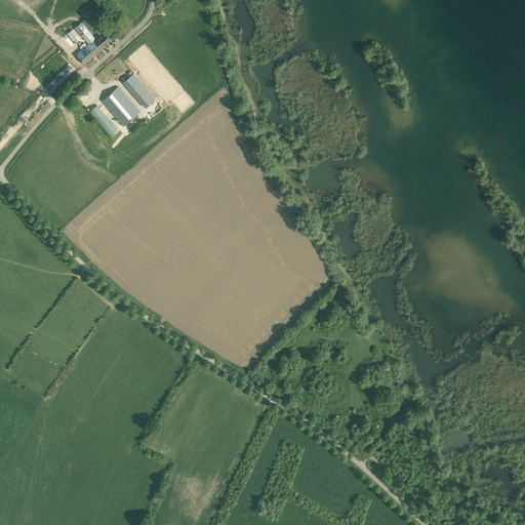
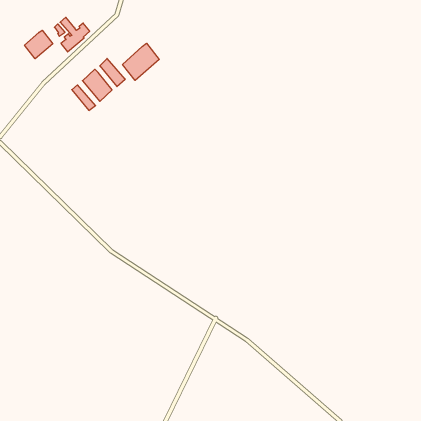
building: none -> [25,30,53,59]
building: none -> [123,43,159,80]

